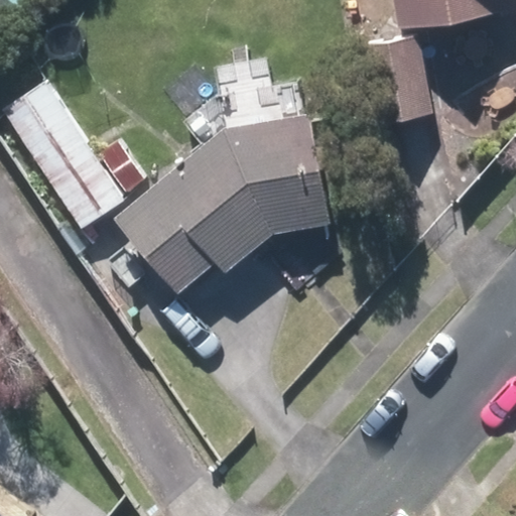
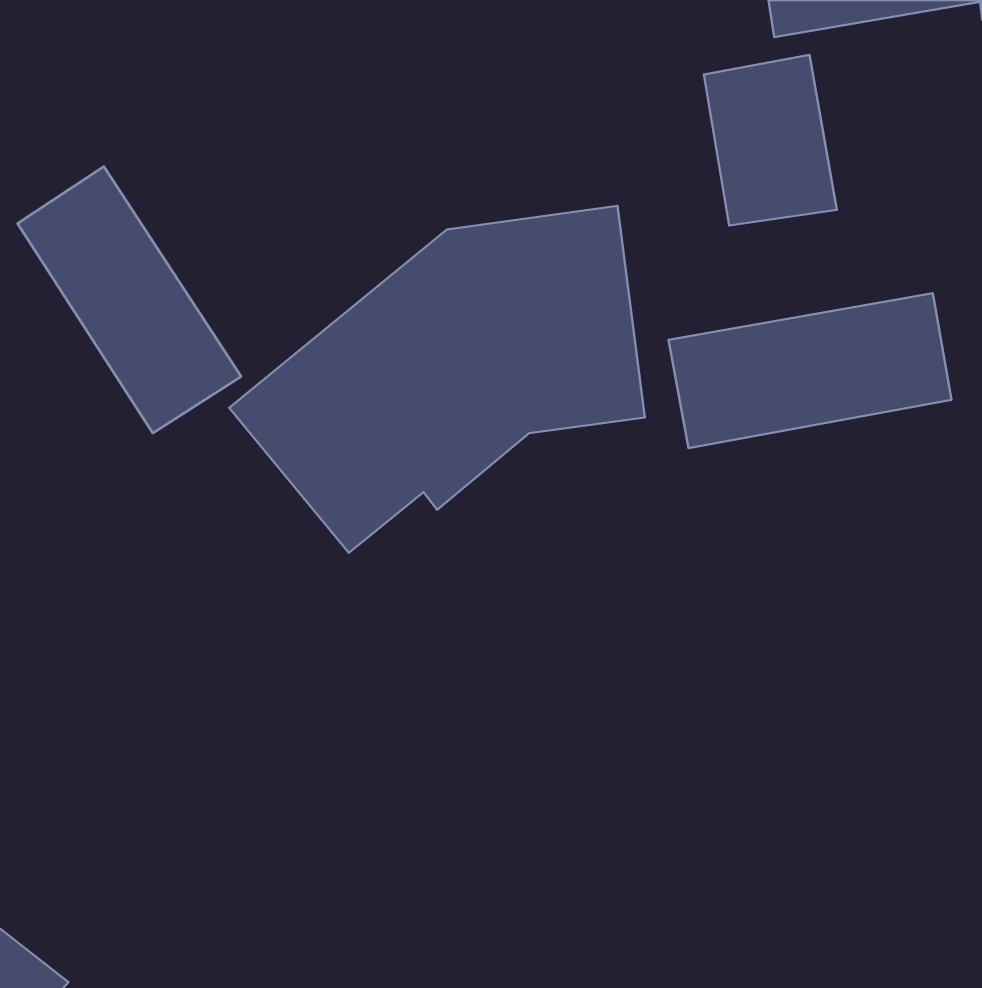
building: none -> [669,293,951,448]

